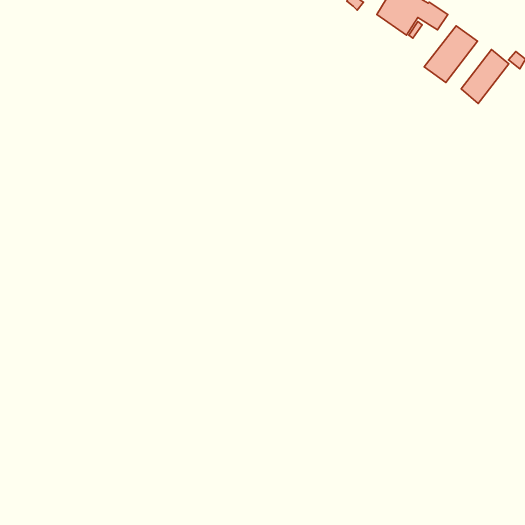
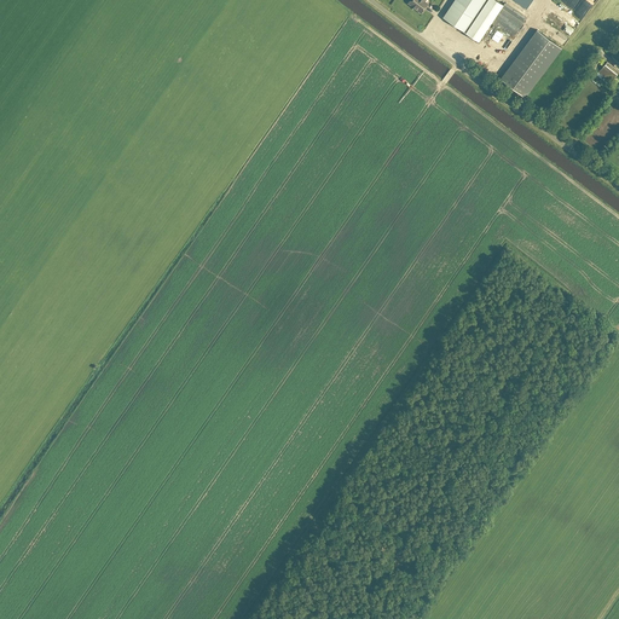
building: [461,49,509,103] -> none

